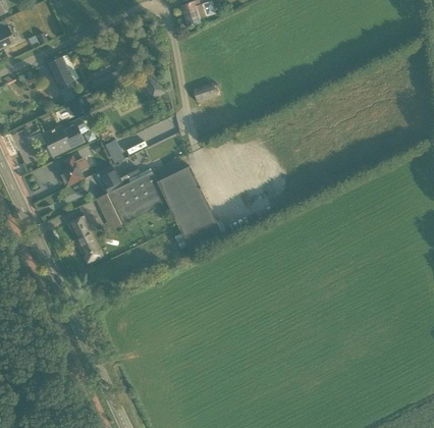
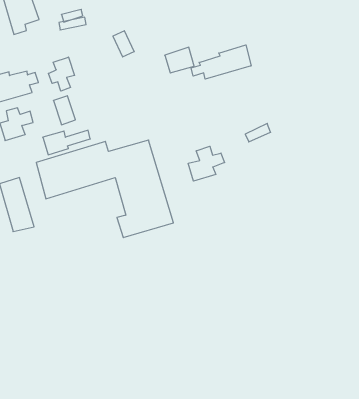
building: none -> [191,45,251,79]
building: none -> [48,57,75,91]
building: none -> [188,146,225,181]

